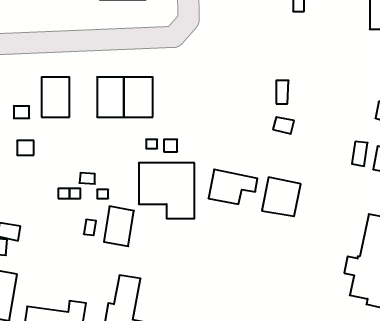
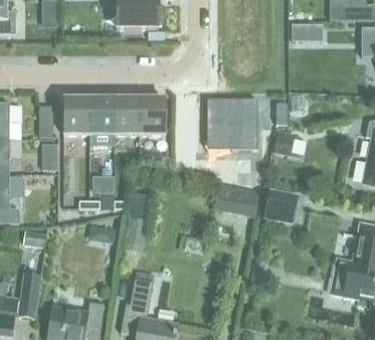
building: none -> [89,99,115,145]
building: [139,163,194,219] -> [207,99,257,149]

